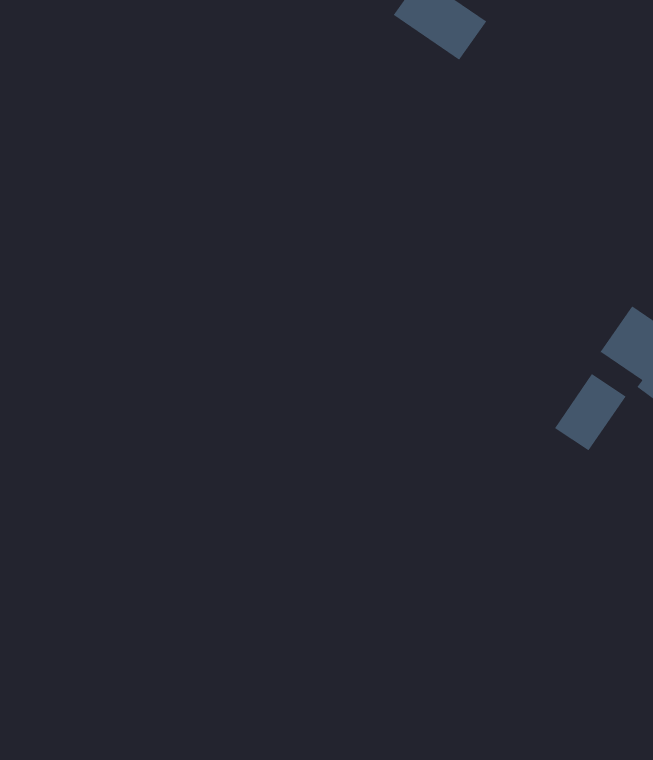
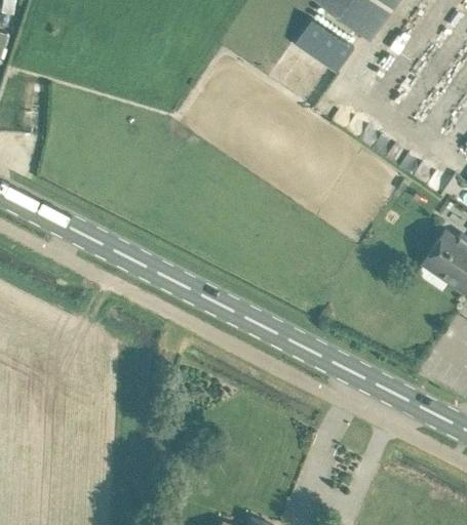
building: [554,373,626,451] -> none

